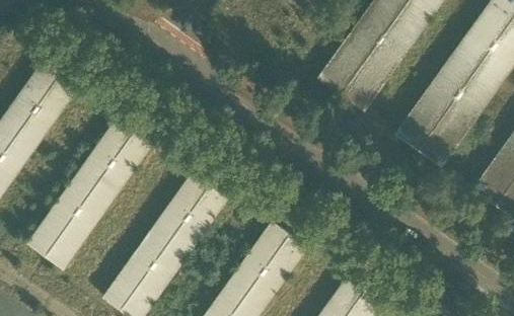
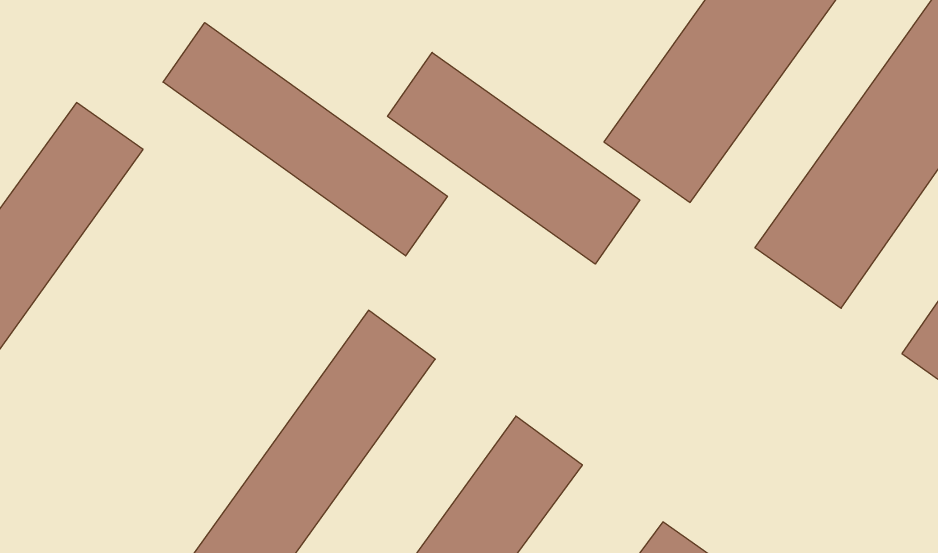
building: none -> [163,23,447,256]
building: none -> [388,52,640,264]
building: [27,115,154,268] -> none

